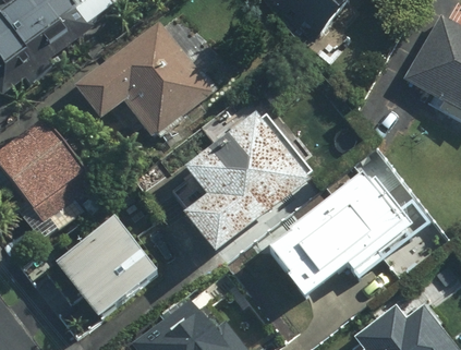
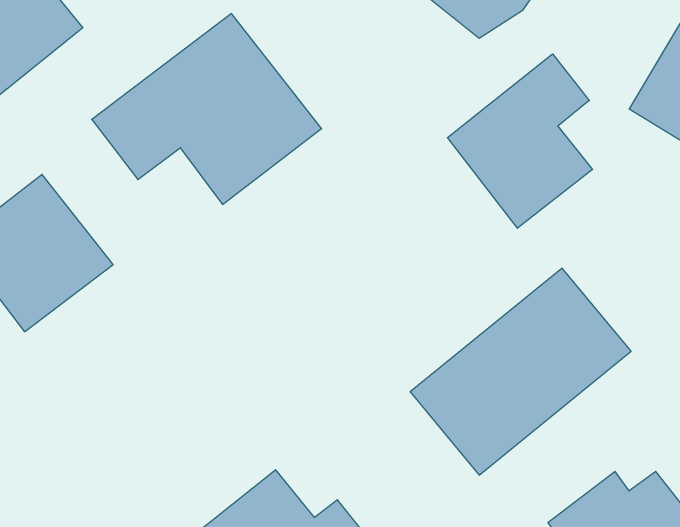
building: none -> [448,54,593,228]
building: [182,116,312,264] -> none
building: [54,217,157,318] -> none

